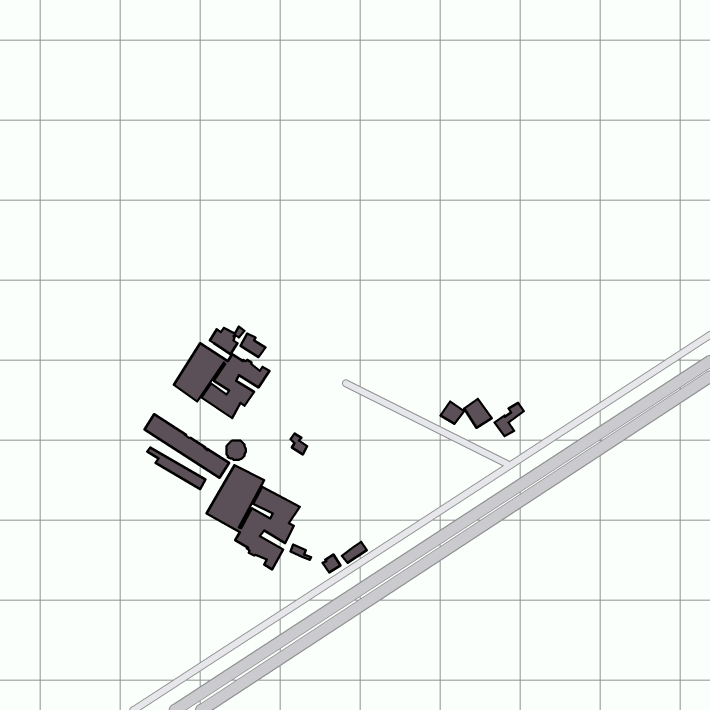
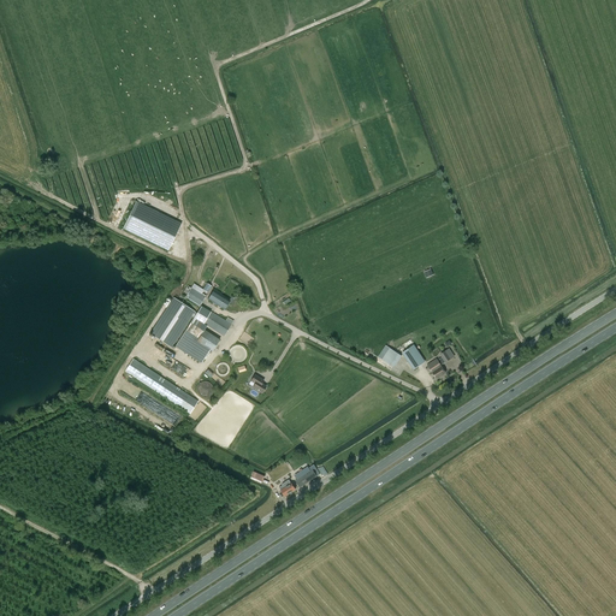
building: none -> [123,201,182,251]
building: [206,465,300,569] -> none

